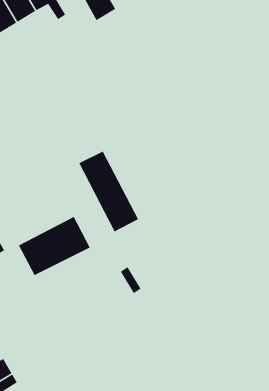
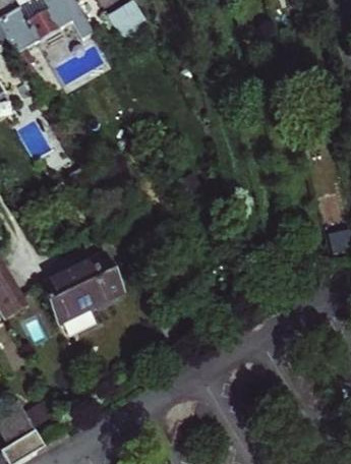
building: [78,151,139,233] -> none

